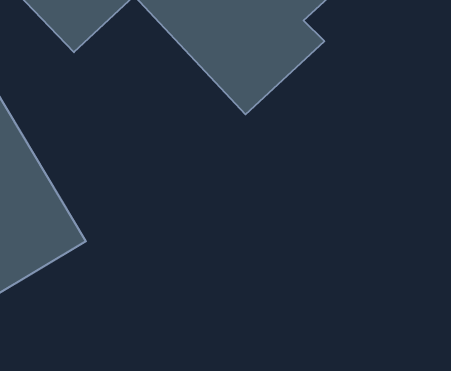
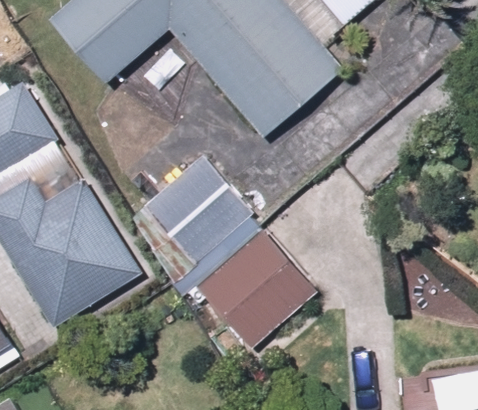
building: none -> [143,156,248,259]
building: none -> [199,234,313,348]

